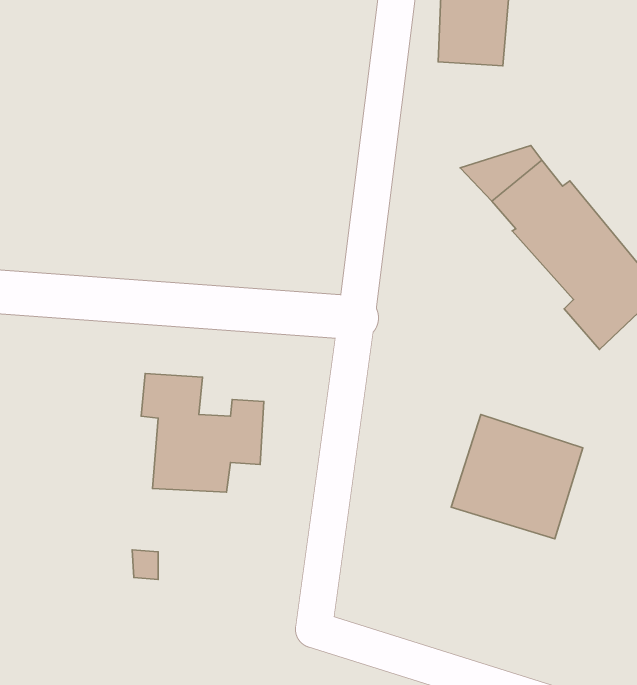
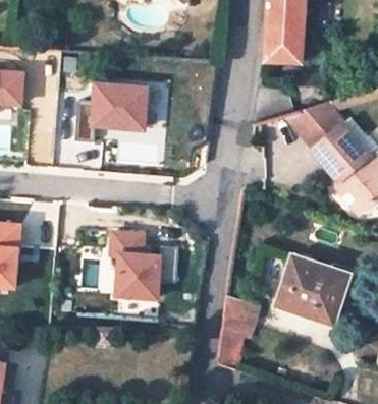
building: none -> [68,80,142,139]
building: none -> [218,299,261,367]

